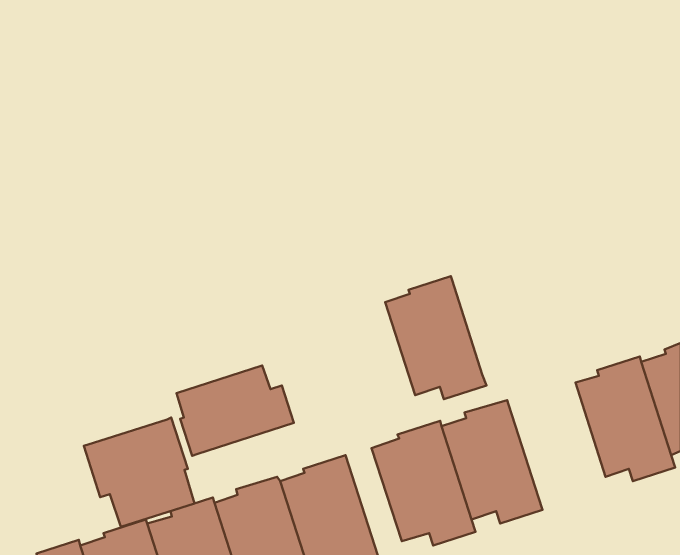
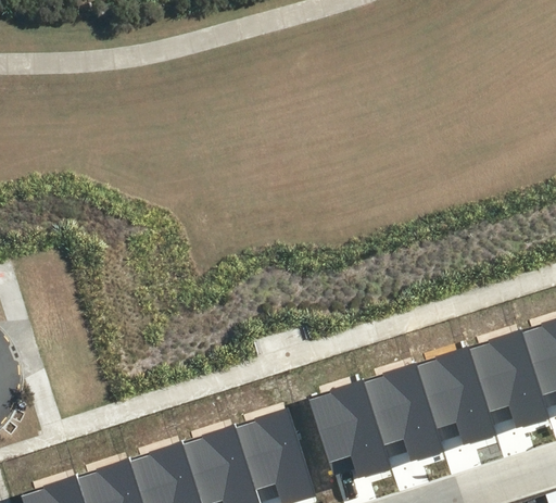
building: [385,276,486,399] -> [418,347,498,444]
building: [177,365,294,456] -> none
building: [84,418,195,527] -> none

